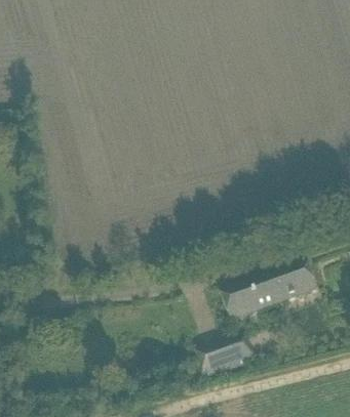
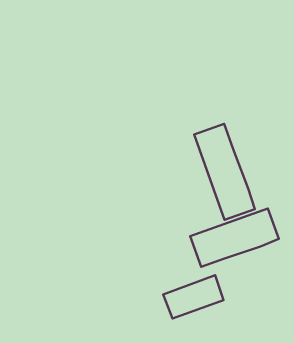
building: none -> [194,124,255,220]

